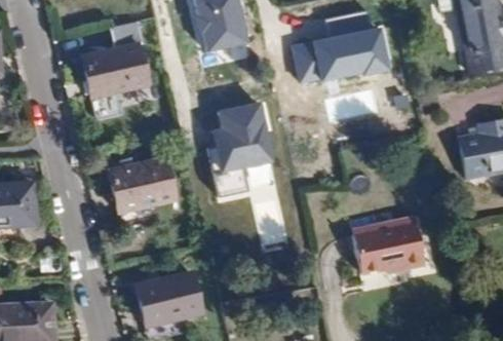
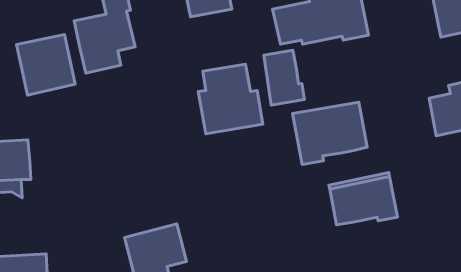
building: none -> [16,34,75,95]
building: none -> [264,50,304,105]
building: none -> [293,102,367,165]
building: [109,158,172,224] -> none

